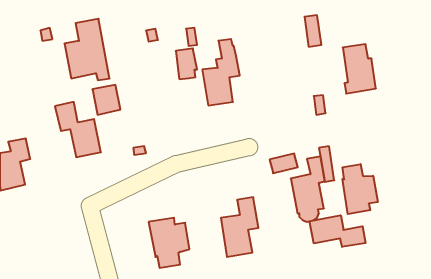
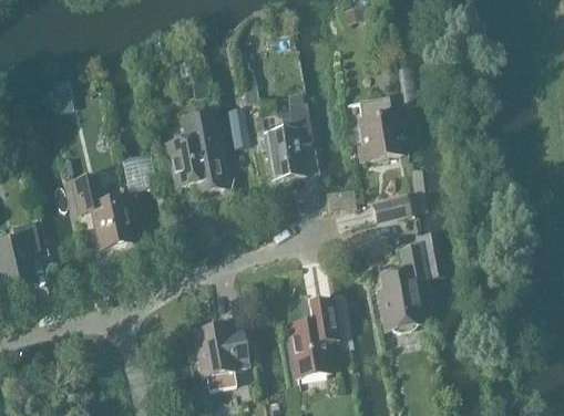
building: [64,19,110,80] -> [167,110,226,189]
building: [343,44,376,94] -> [358,96,401,160]
building: [270,154,298,173] -> [373,196,410,221]
building: [342,164,378,214] -> none
building: [310,215,366,247] -> none

